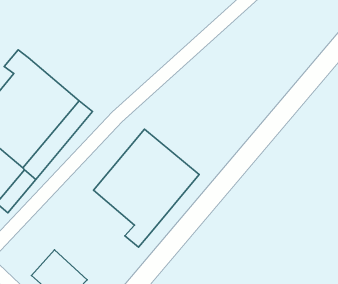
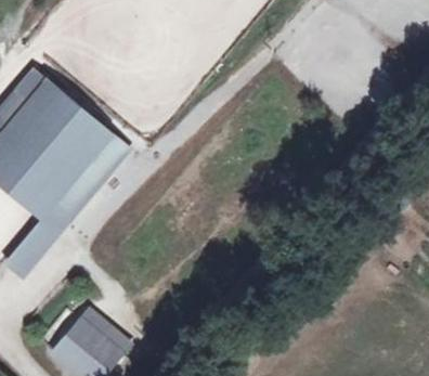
building: [94,129,199,247] -> none

